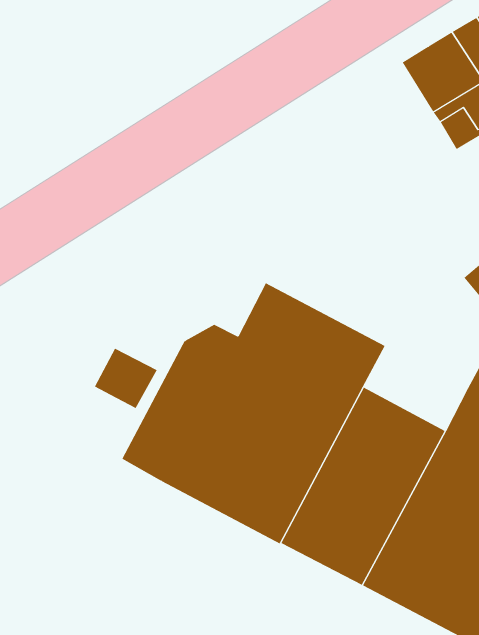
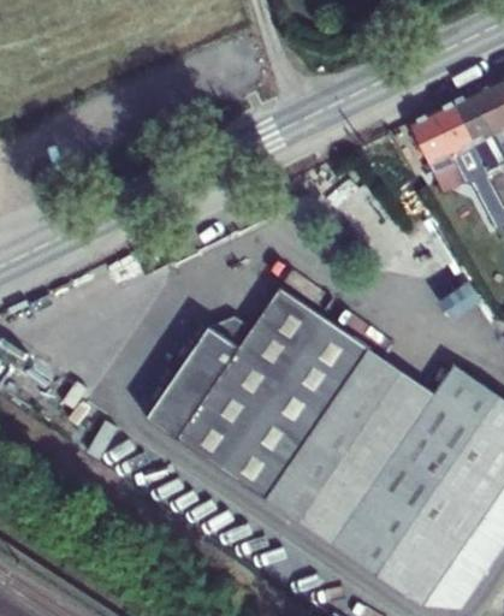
building: none -> [350,351,434,426]
building: [94,348,157,409] -> none

